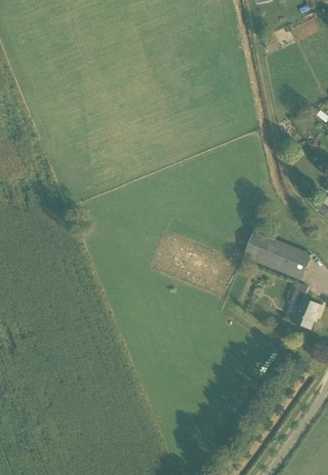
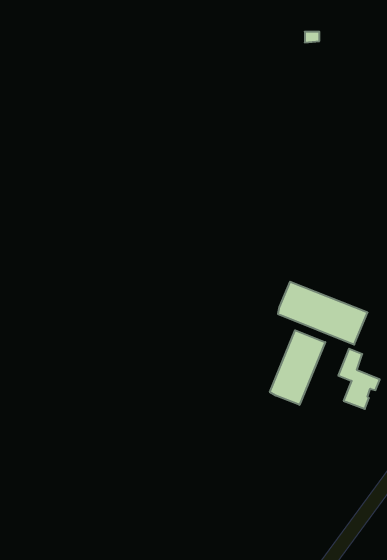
building: none -> [270,330,325,405]

